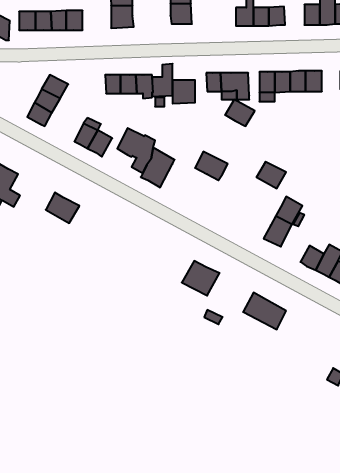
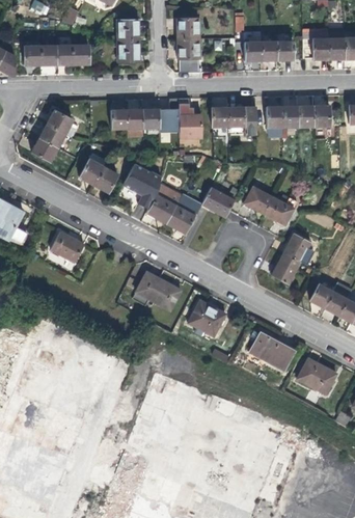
building: [225,100,255,126] -> [243,187,273,214]
building: none -> [166,200,198,235]
building: none -> [136,271,181,308]
building: none -> [298,357,336,391]

